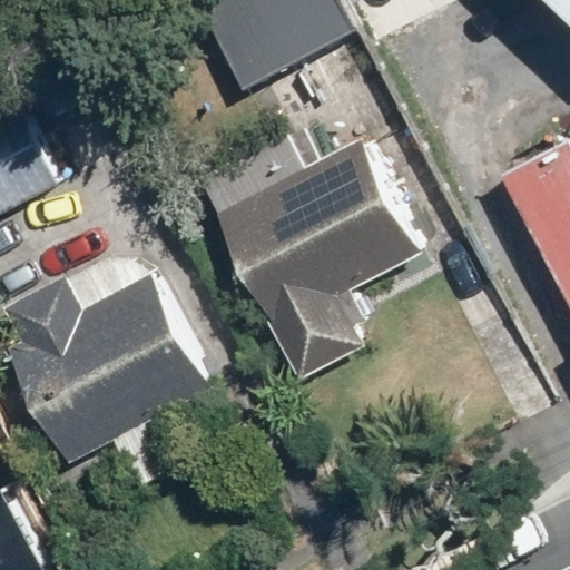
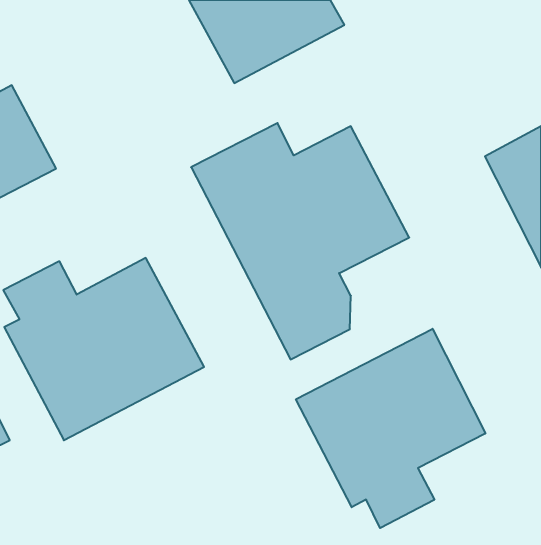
building: none -> [296,329,485,528]

